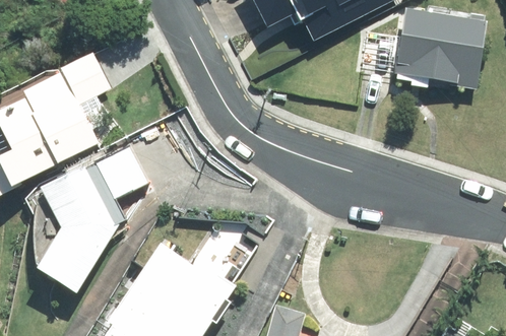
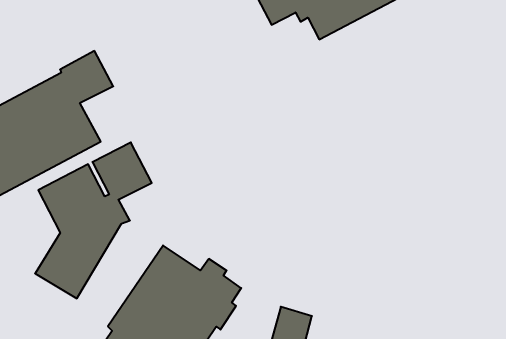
building: [360,9,486,86] -> none

